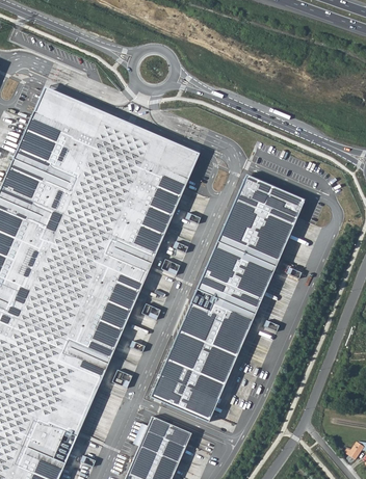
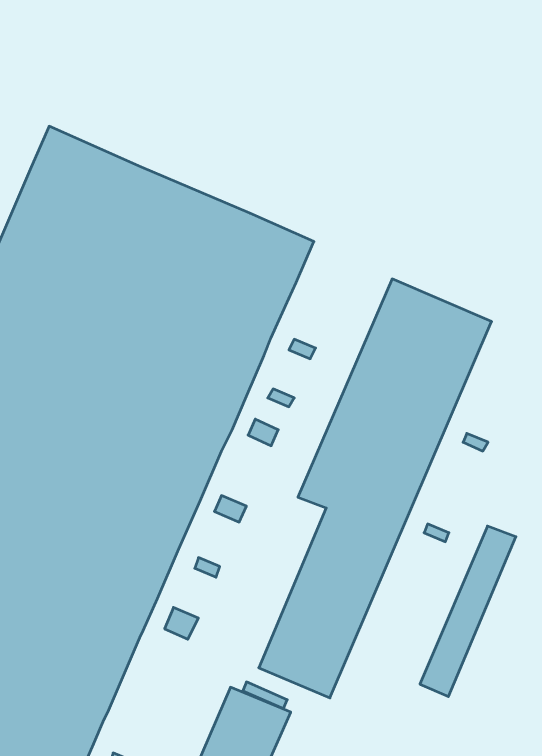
building: [150,304,206,404] -> [420,526,516,697]

